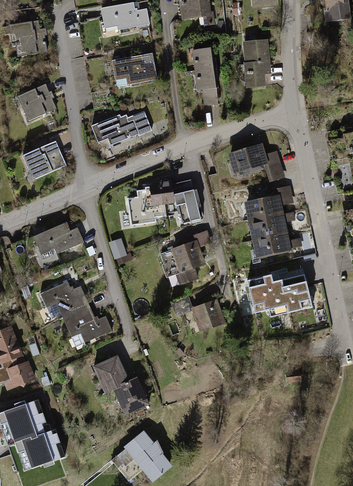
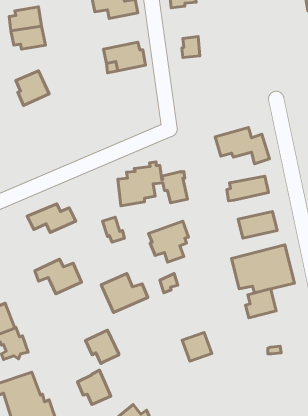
building: [239,40,268,86] -> none
building: [195,68,218,104] -> none
building: [91,110,151,144] -> none
building: [22,141,65,177] -> none
building: [249,211,289,239] -> none
building: [192,300,223,330] -> [182,333,212,361]
building: [62,305,111,346] -> [101,273,148,313]
building: none -> [245,289,276,318]
building: [113,376,148,412] -> [78,370,111,405]

